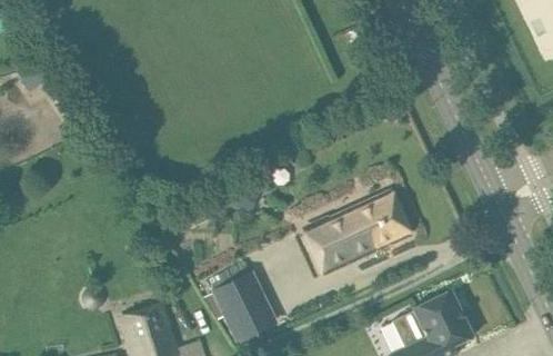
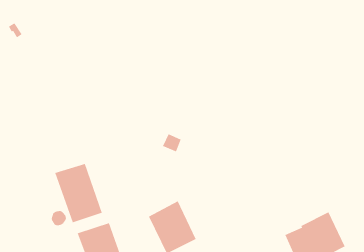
building: [306,191,410,271] -> none
building: none -> [54,163,103,223]

